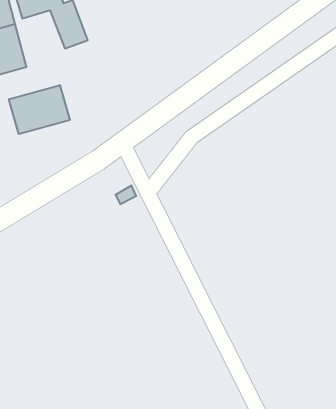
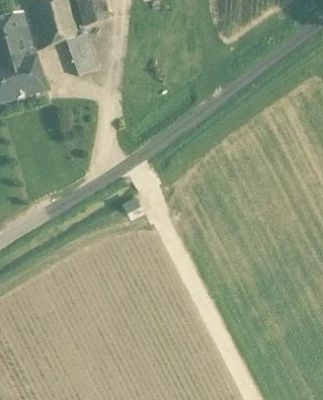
building: [9,85,70,134] -> none

